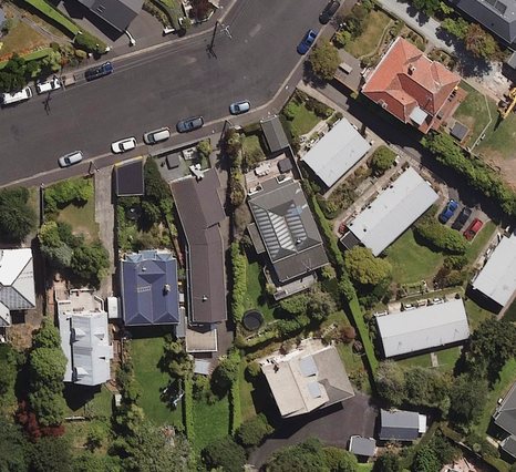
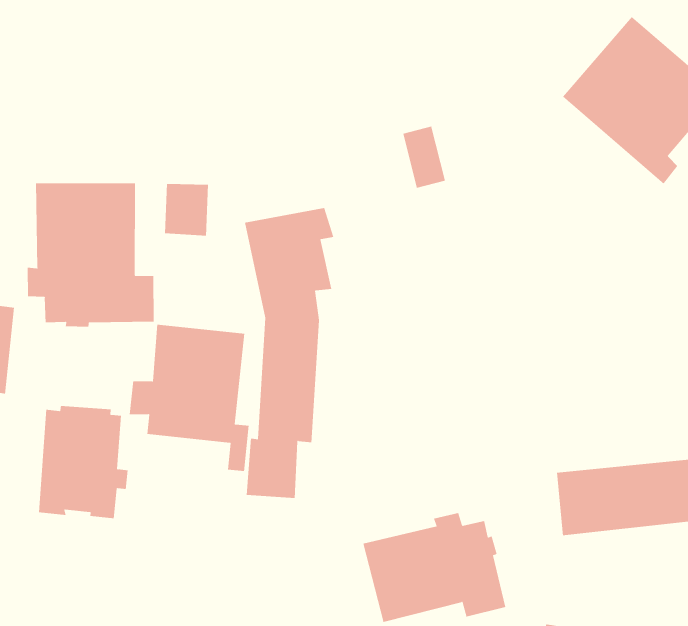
building: [303,119,371,185] -> none
building: none -> [27,183,154,327]
building: [342,166,437,254] -> none
building: [247,177,328,297] -> none

